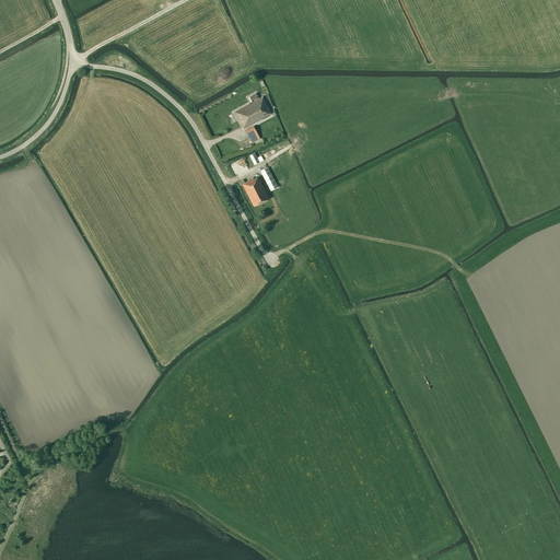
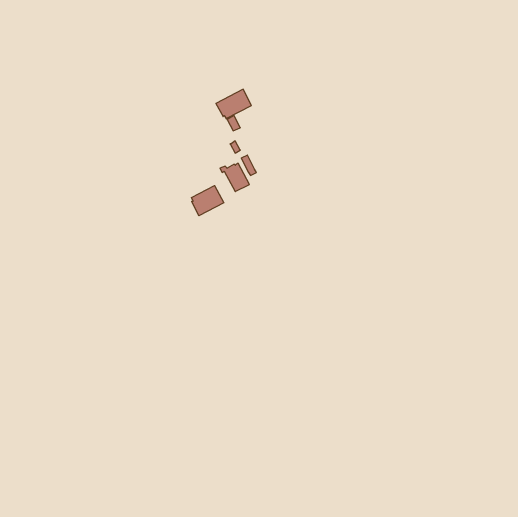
building: none -> [192,186,224,216]

